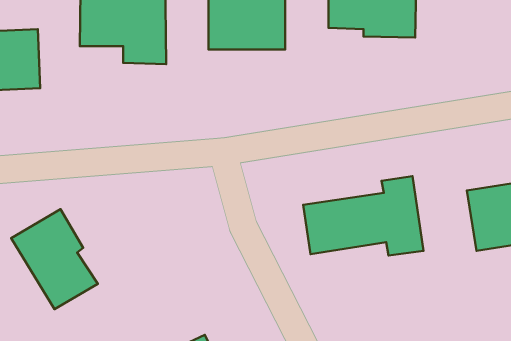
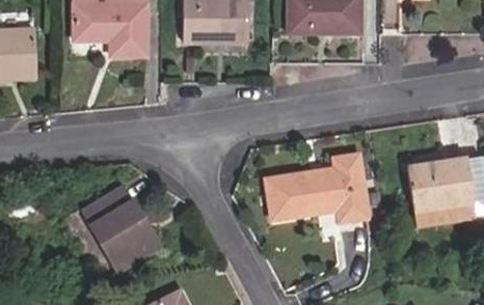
building: [11,209,98,309] -> [82,185,157,271]

